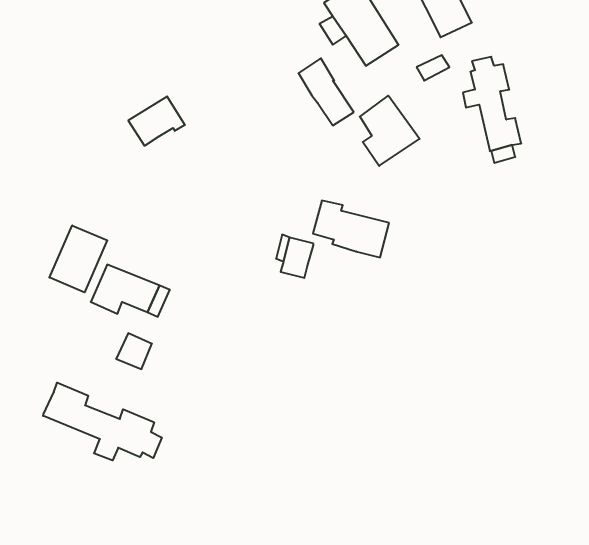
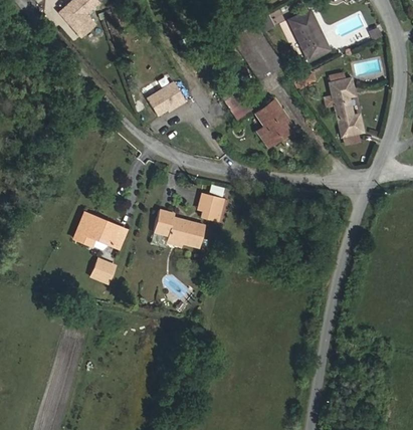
building: [128,96,185,146] -> [147,82,185,116]
building: [313,201,389,257] -> [154,210,205,248]
building: [49,225,107,292] -> none
building: [43,383,162,460] -> none

